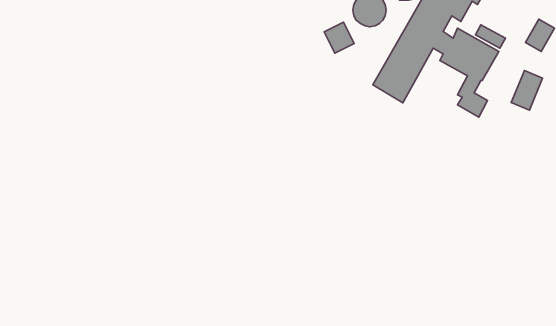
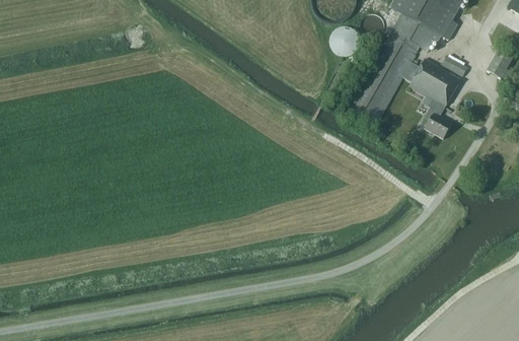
building: [324,22,354,53] -> none
building: [511,71,543,110] -> none

